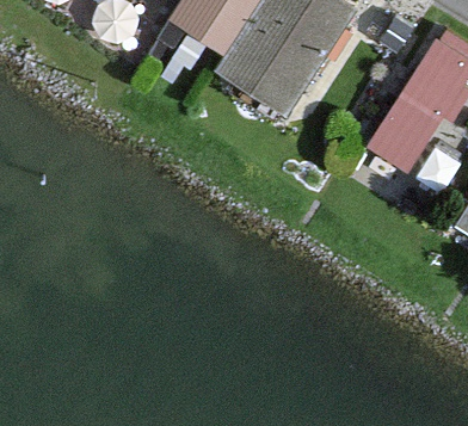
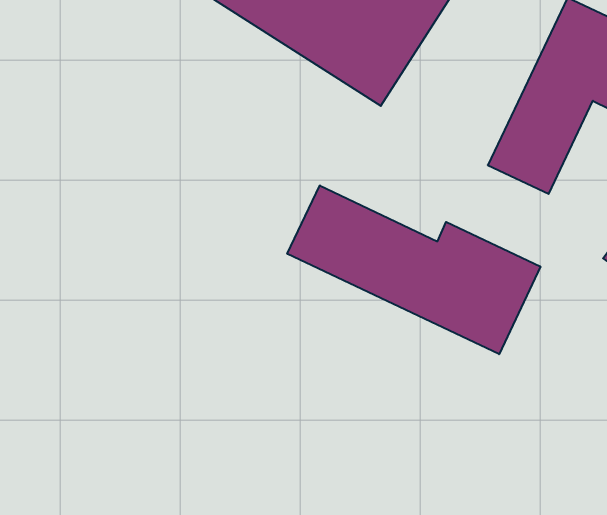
building: none -> [287,185,540,354]

